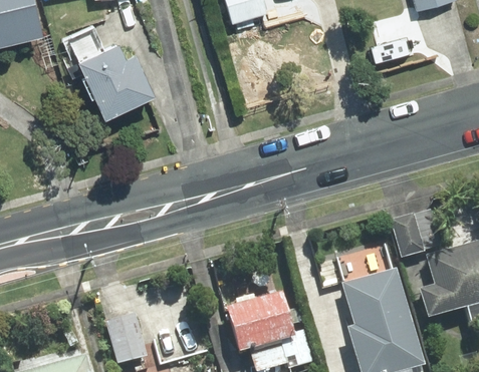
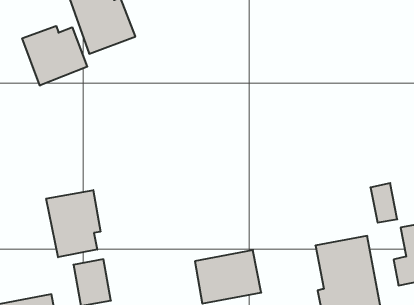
building: none -> [22,26,87,86]
building: none -> [46,190,100,257]

